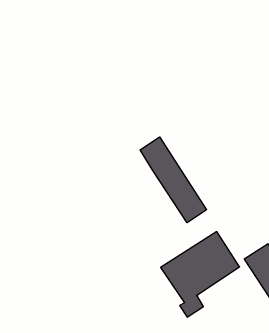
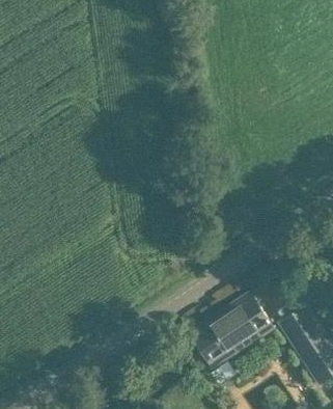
building: [140,137,207,223] -> none

